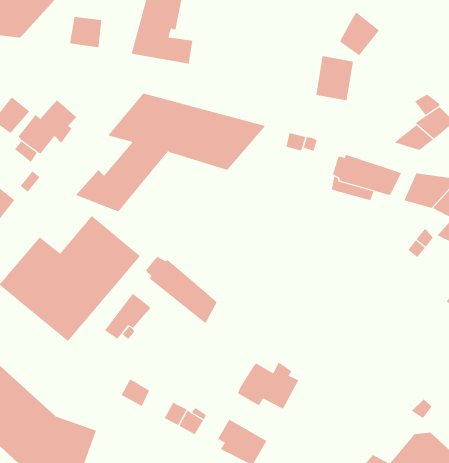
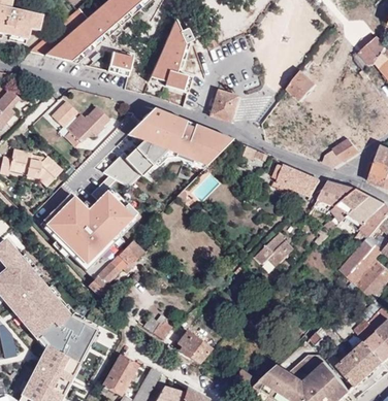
building: [316,56,354,101] -> [209,90,237,122]
building: [145,256,218,324] -> none
building: none -> [259,236,296,270]
building: none -> [88,263,119,296]
building: [237,361,299,409] -> none

